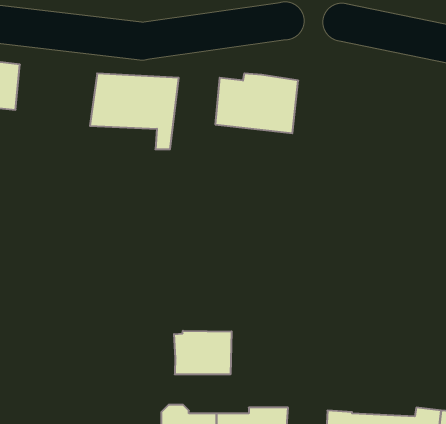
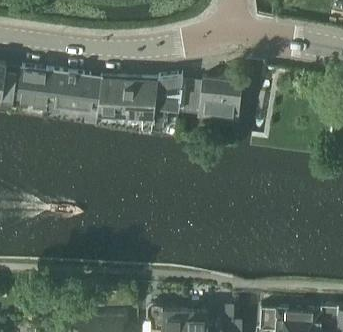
building: none -> [45,71,102,123]
building: none -> [151,75,180,133]
building: [174,331,232,374] -> none

